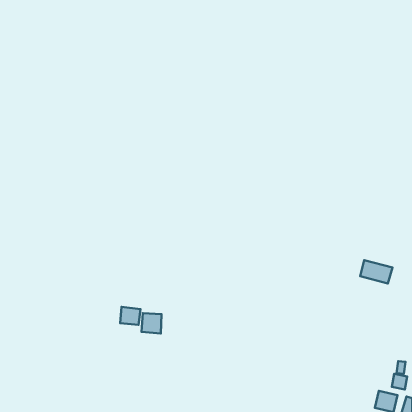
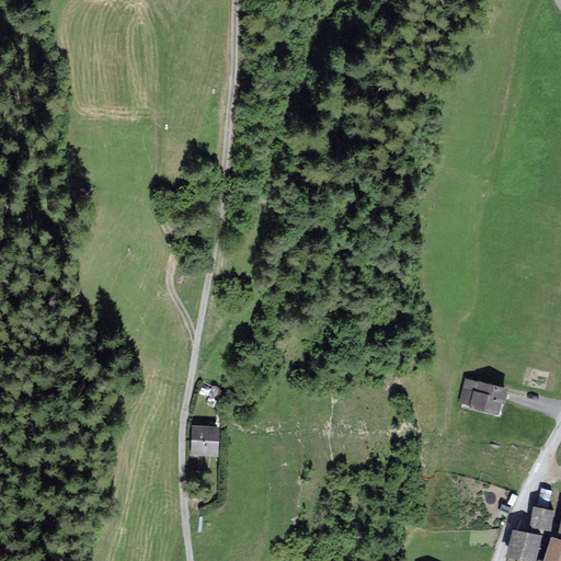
building: [360,260,393,284] -> [460,380,504,412]
building: [120,307,140,325] -> none

